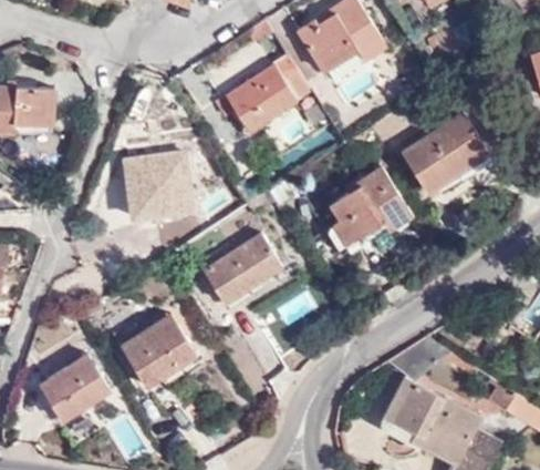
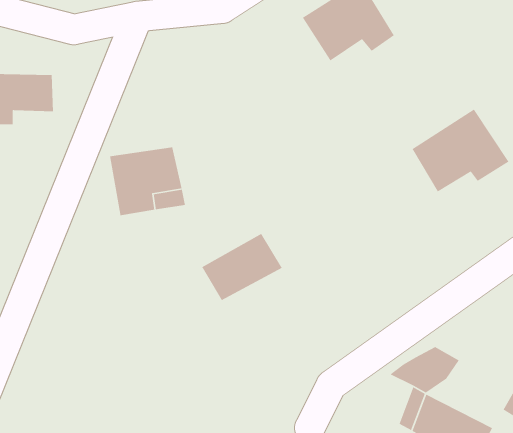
building: [222,73,315,131] -> none
building: [323,167,405,245] -> none
building: [120,309,191,378] -> none
building: [37,350,107,415] -> none

